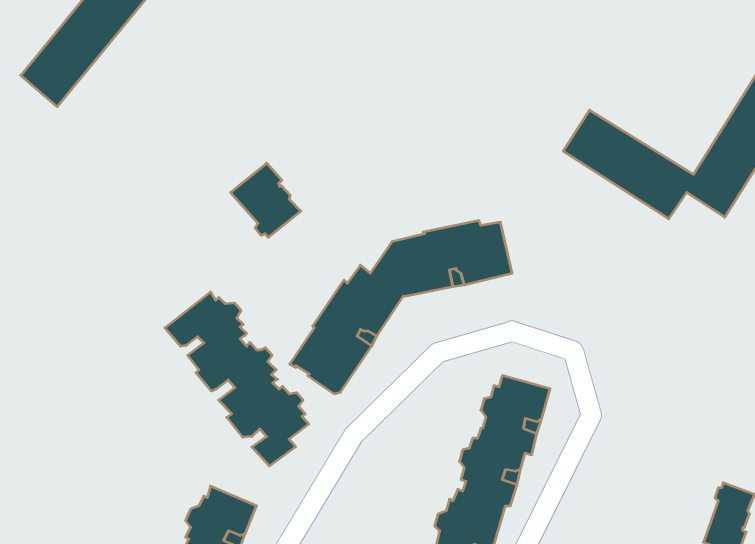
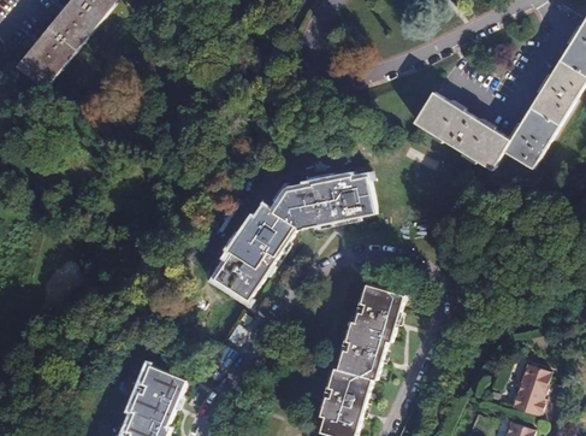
building: [231,163,301,237] -> none
building: [165,292,309,466] -> none

